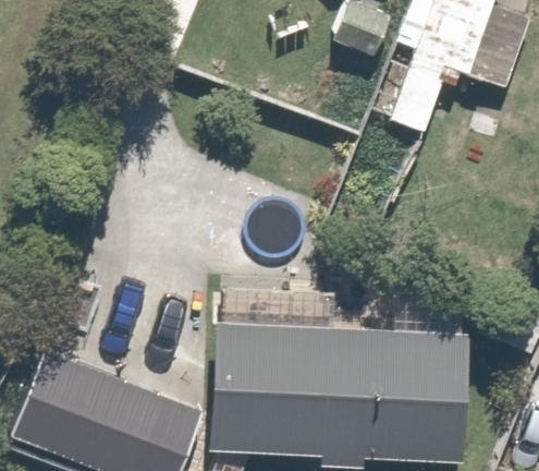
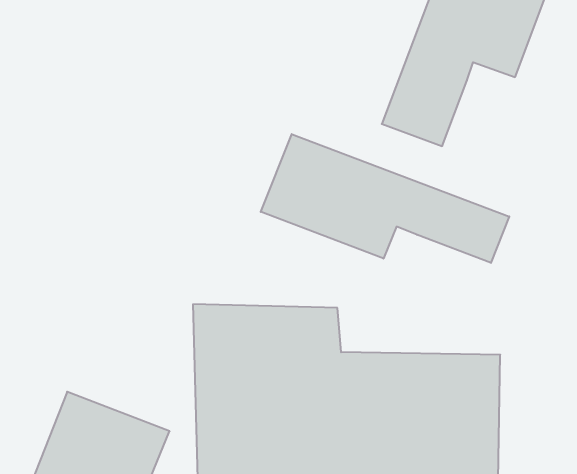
building: none -> [261,134,509,263]

